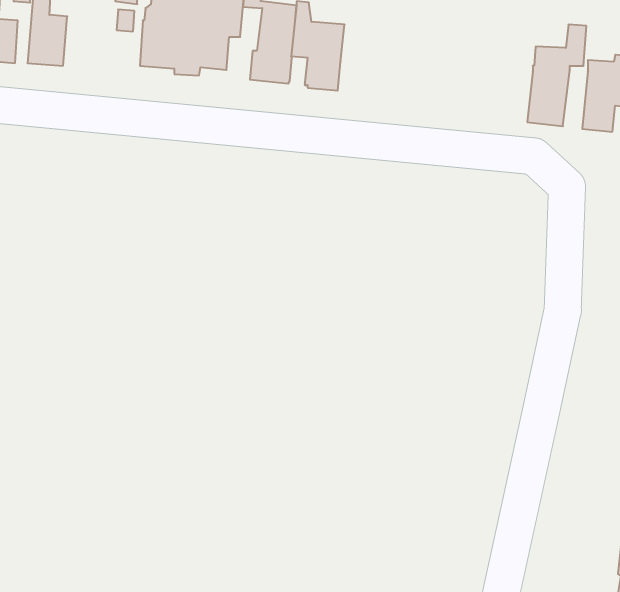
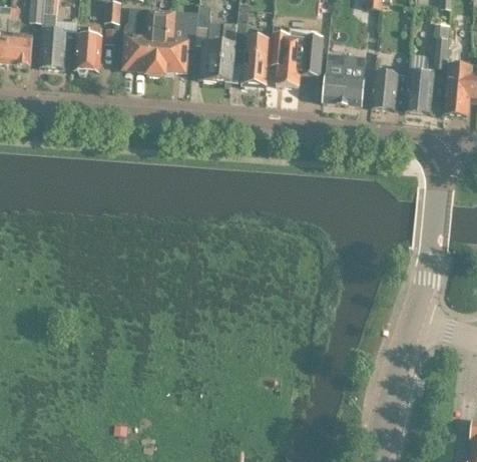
building: none -> [75,25,102,71]
building: none -> [270,32,323,87]
building: none -> [323,52,366,104]
building: none -> [371,66,409,109]

